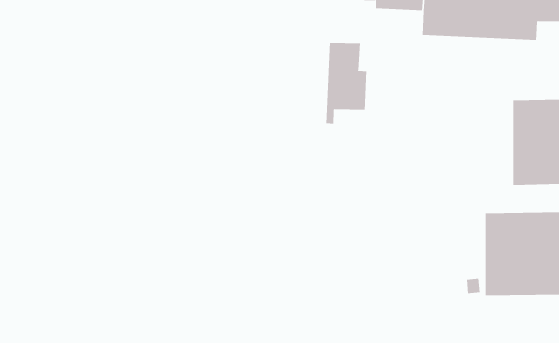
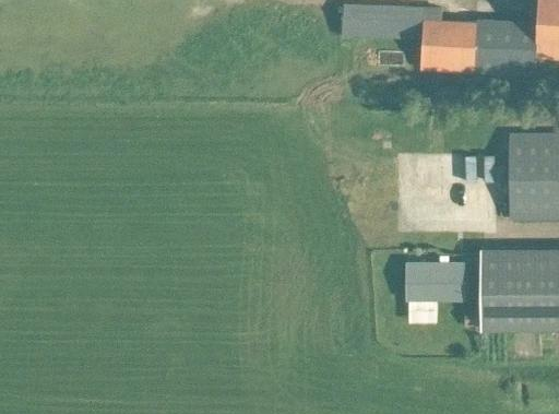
building: [326,42,367,125] -> none
building: none -> [405,261,465,301]

